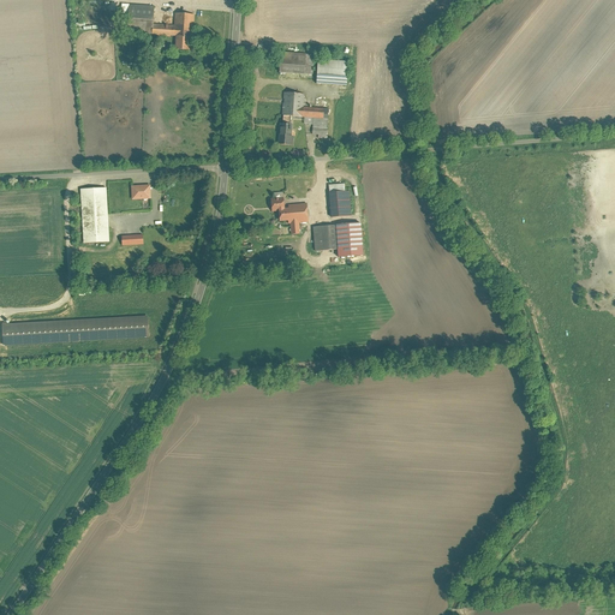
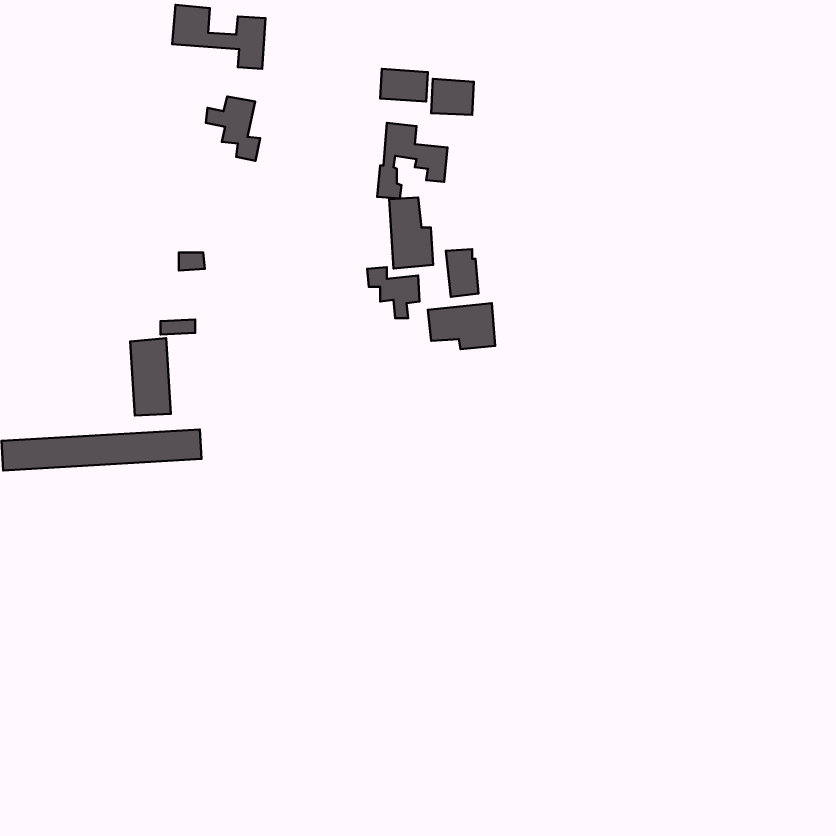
building: none -> [206,96,260,161]
building: none -> [389,197,433,269]
building: [79,186,109,243] -> [130,338,171,415]

